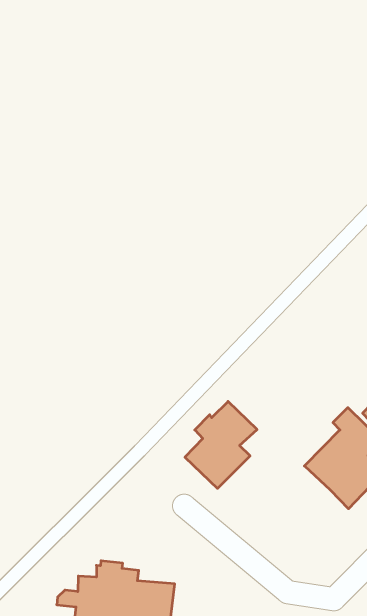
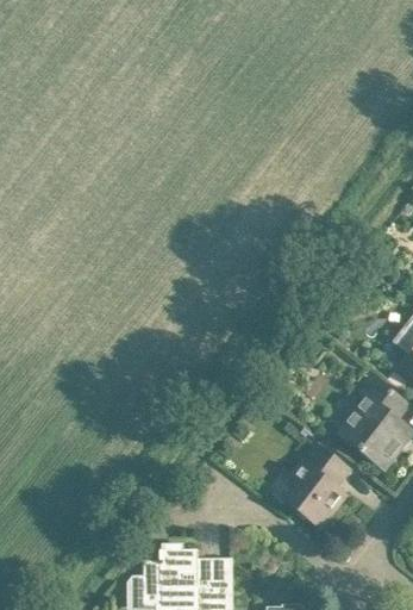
building: [185,401,257,488] -> [284,447,348,528]

